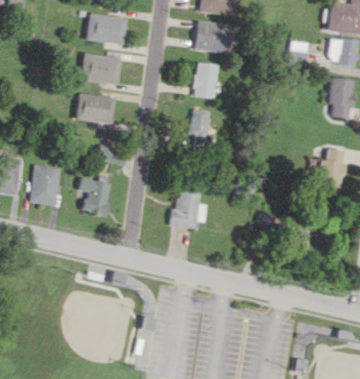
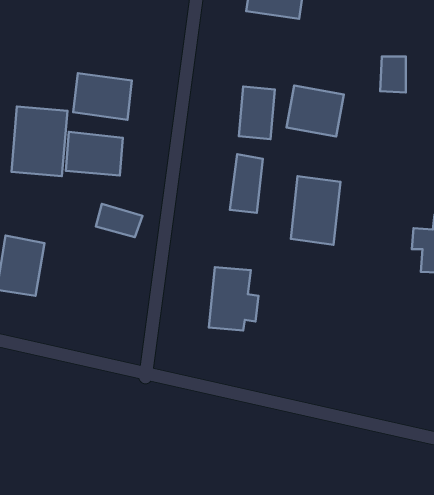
building: [87,14,126,43] -> none
building: [193,19,232,54] -> [286,85,344,137]
building: none -> [12,107,67,176]
building: none -> [291,176,341,245]
building: [78,177,111,216] -> none

